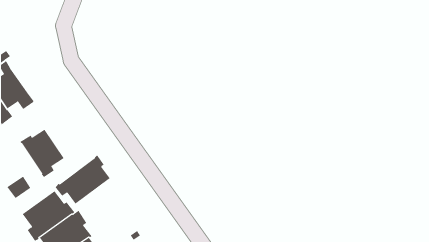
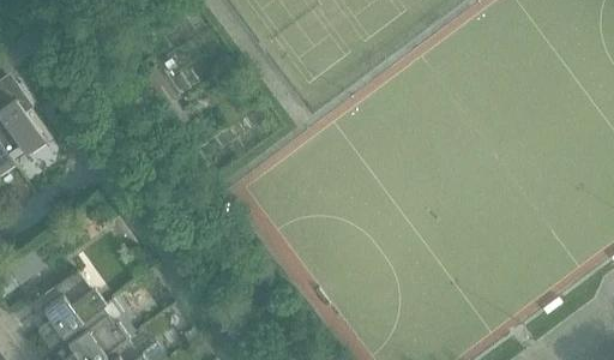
building: [19,129,64,178] -> none
building: [55,155,110,205] -> none

